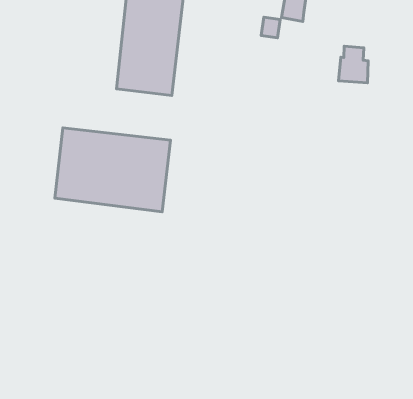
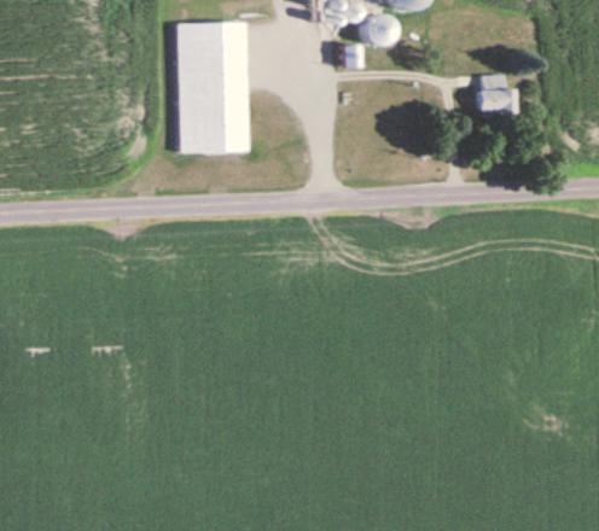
building: [339,46,368,83] -> [478,75,513,117]
building: [55,128,170,212] -> none

